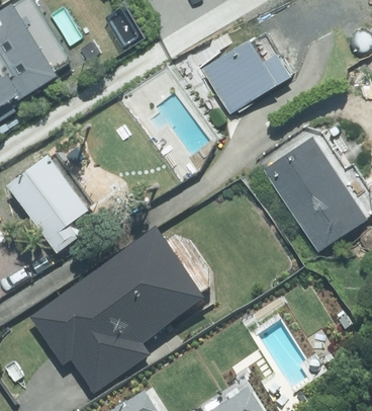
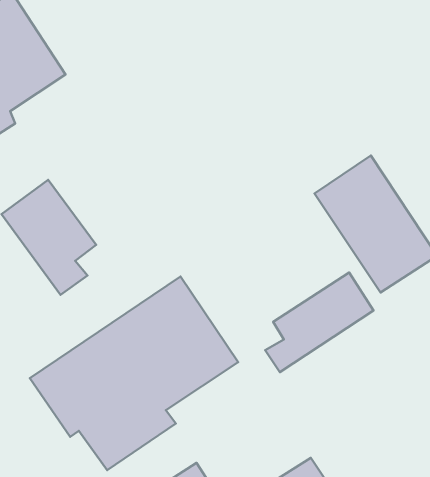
building: [202,40,286,110] -> none
building: none -> [265,272,374,372]

